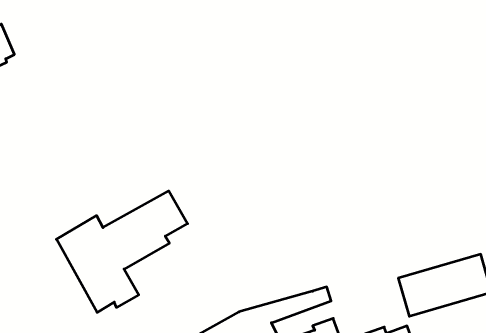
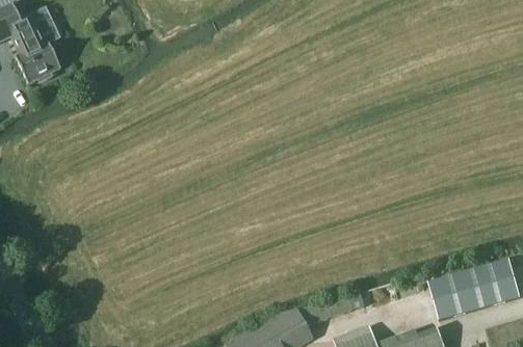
building: [56,191,188,312] -> none

